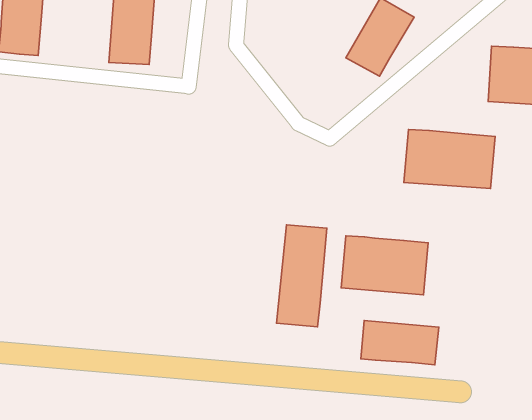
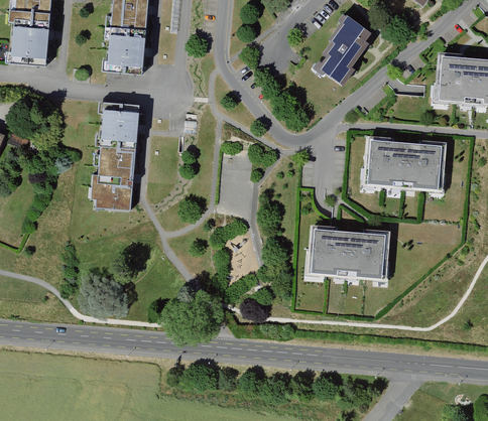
building: none -> [89,103,139,209]
building: [277,225,327,327] -> none
building: [361,320,439,365] -> none

